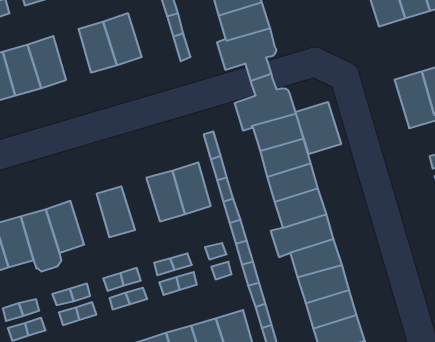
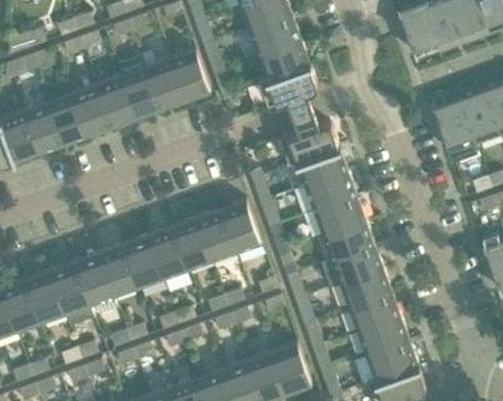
building: none -> [169,49,210,99]
building: none -> [97,75,135,126]
building: [296,102,341,154] -> none
building: none -> [171,218,211,269]
building: none -> [122,236,162,286]

